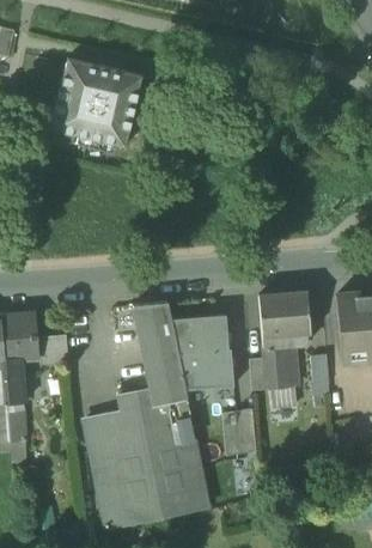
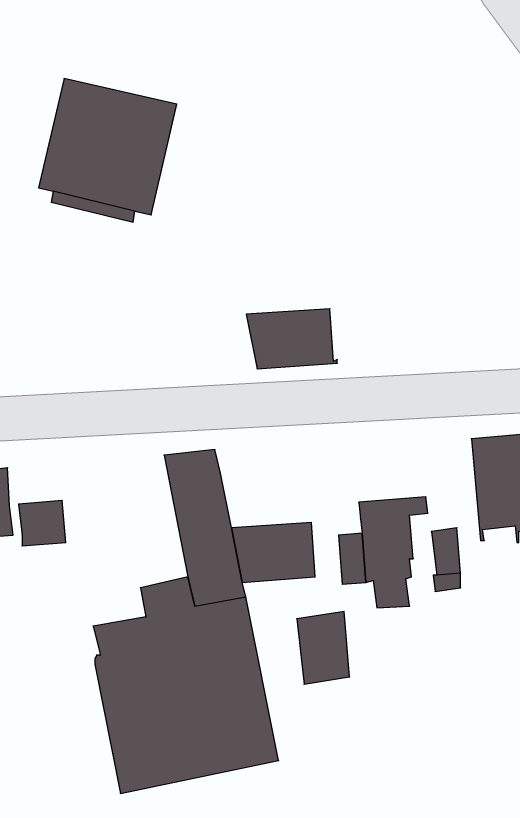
building: [258,292,310,337] -> none
building: [171,315,231,354] -> [246,309,337,369]

